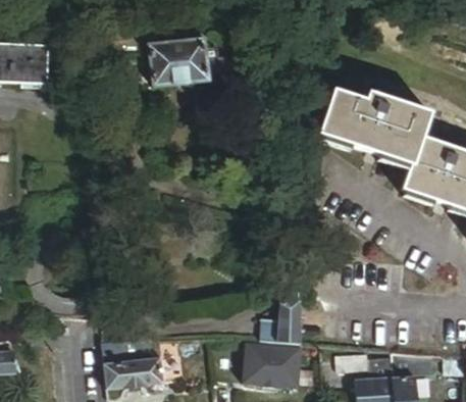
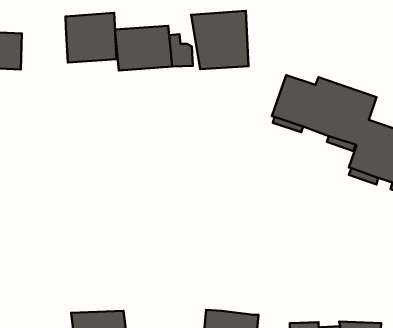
building: none -> [191,11,249,69]
building: none -> [65,13,117,63]
building: [263,301,298,347] -> none

